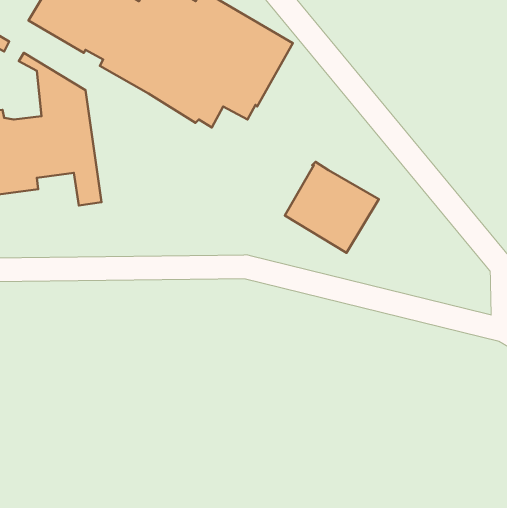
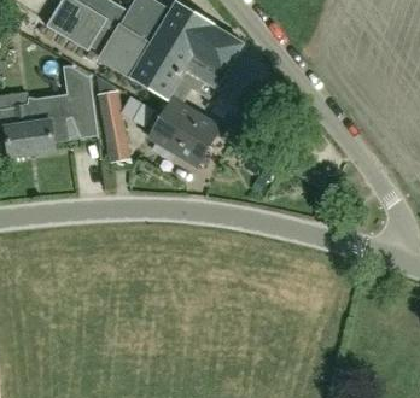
building: none -> [97,80,129,164]
building: [285,162,379,253] -> [150,99,220,166]

